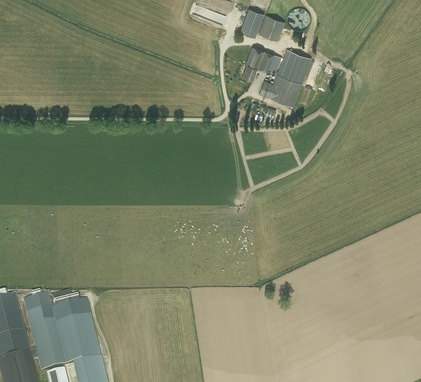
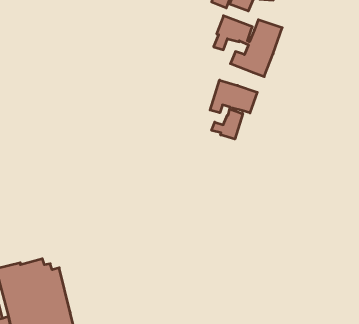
building: none -> [210,80,257,139]

